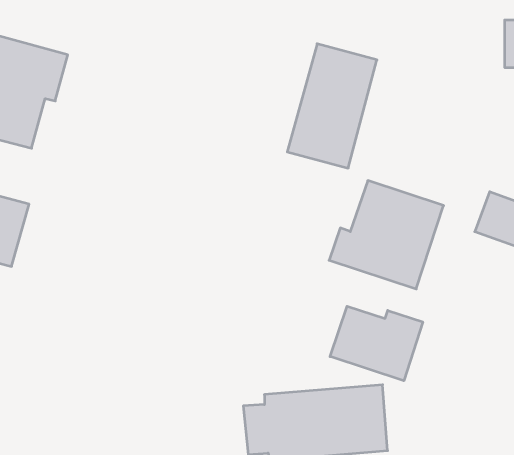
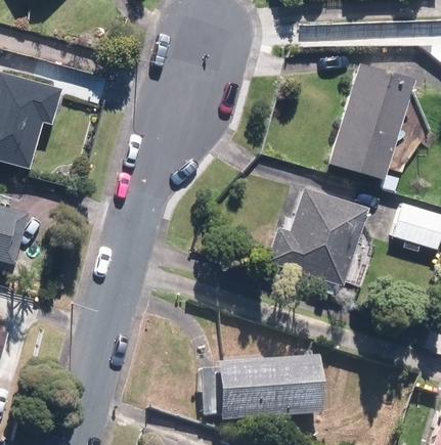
building: [287,44,377,168] -> [324,69,398,171]
building: [330,306,423,381] -> none

